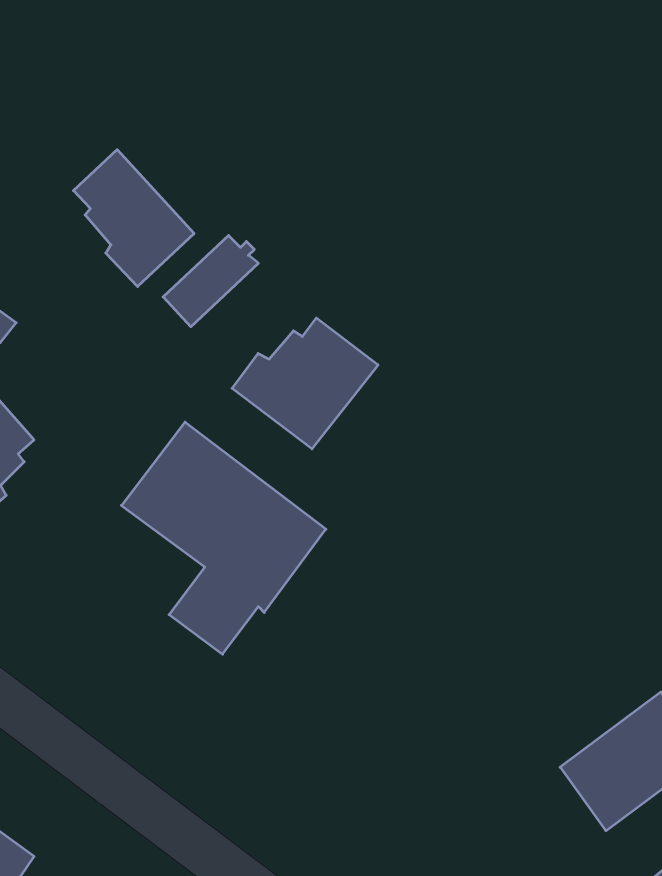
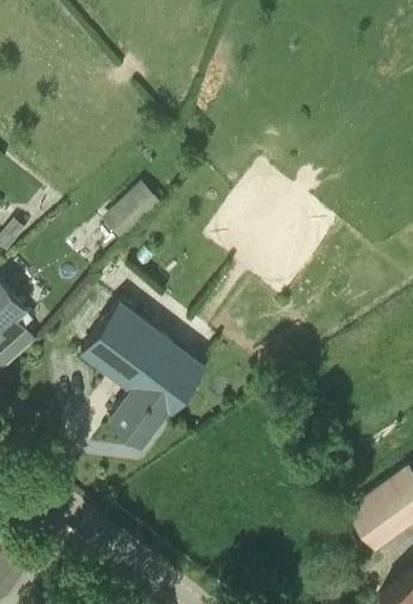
building: [73,150,194,287] -> none
building: [232,318,378,449] -> none

